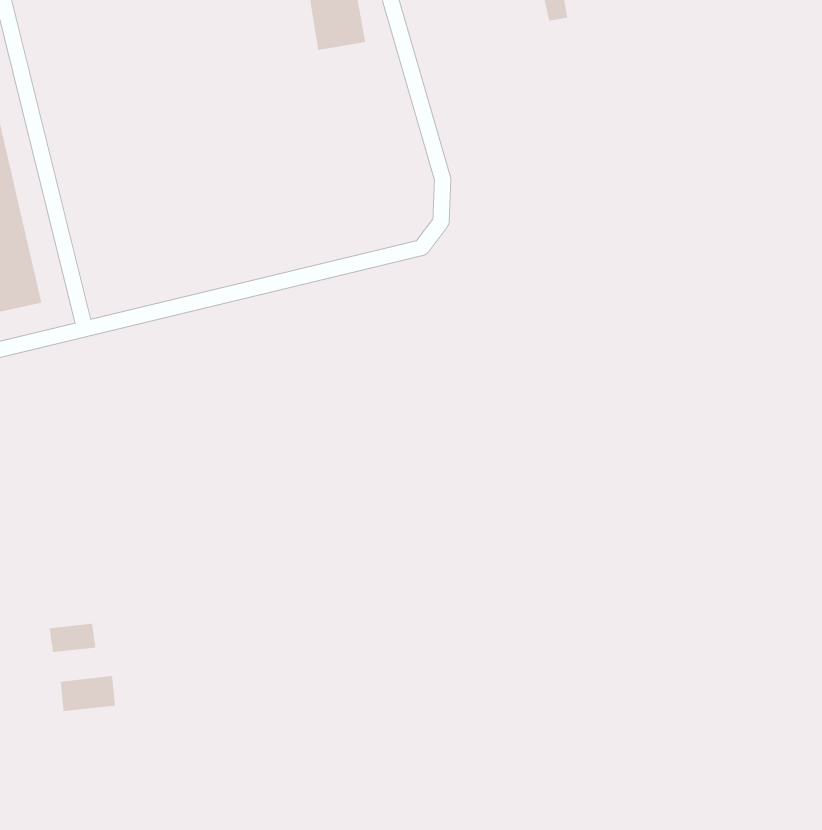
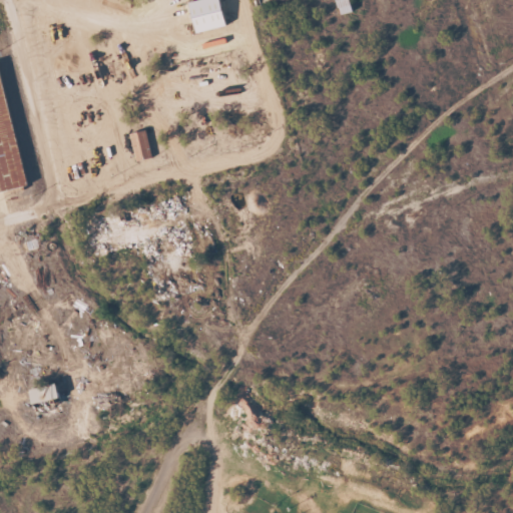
building: none -> [126,128,149,160]
building: [60,675,115,712] -> none

